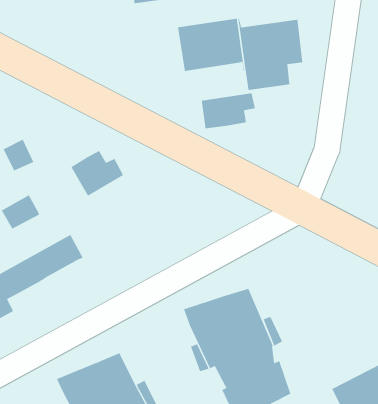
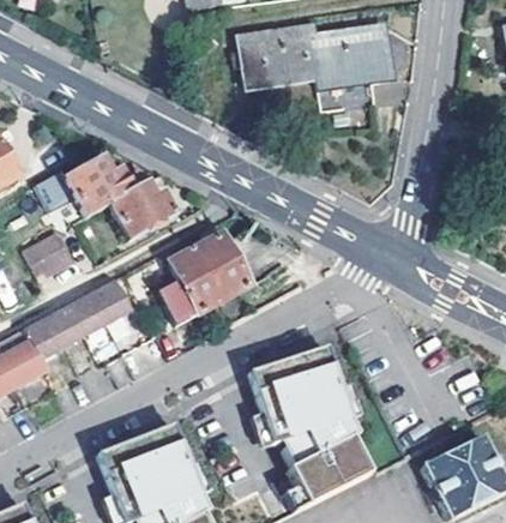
building: [201,92,255,129] -> none
building: none -> [67,158,131,215]
building: none -> [165,234,249,327]

